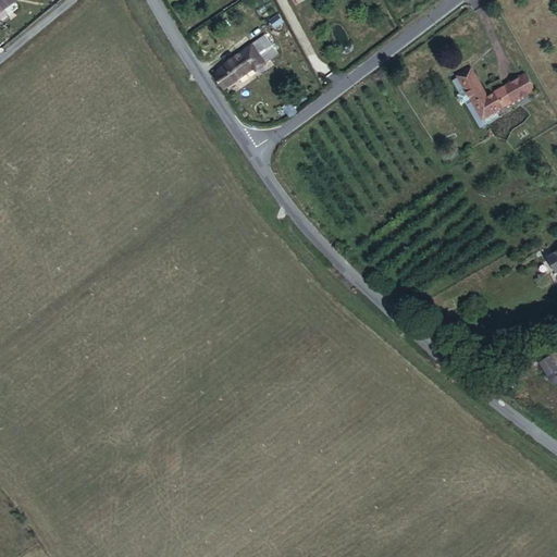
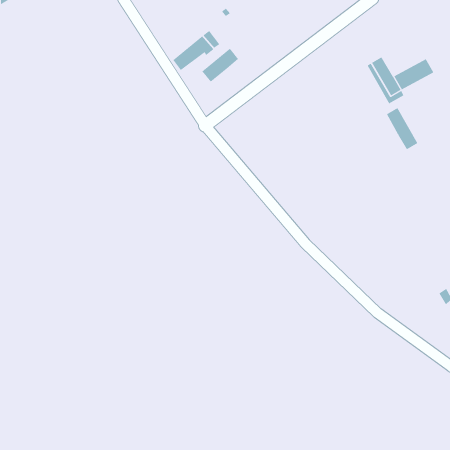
building: none -> [202,48,239,82]
building: none -> [386,107,418,150]

